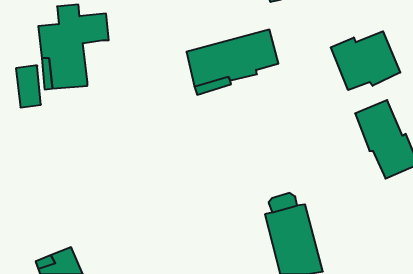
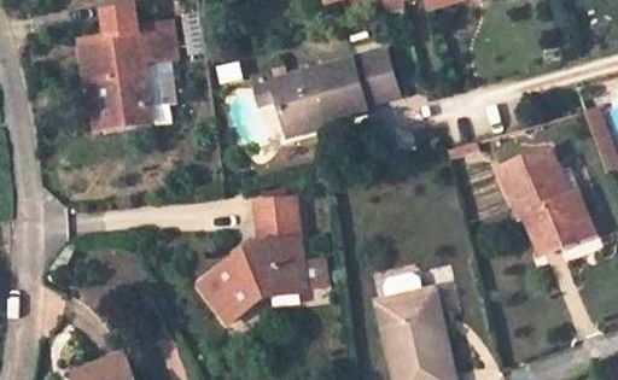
building: [331,31,400,90] -> none
building: [16,66,41,107] -> [134,63,168,119]
building: none -> [205,191,307,317]

